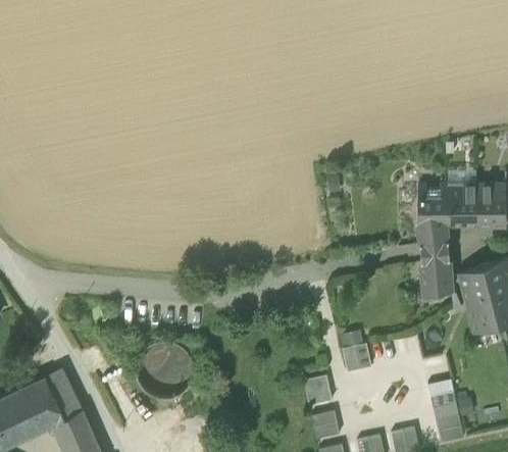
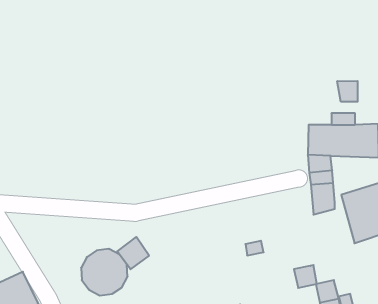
building: none -> [337,81,358,102]
building: none -> [117,237,149,269]
building: [342,344,370,372] -> [294,265,317,288]
building: [303,375,332,405] -> none

